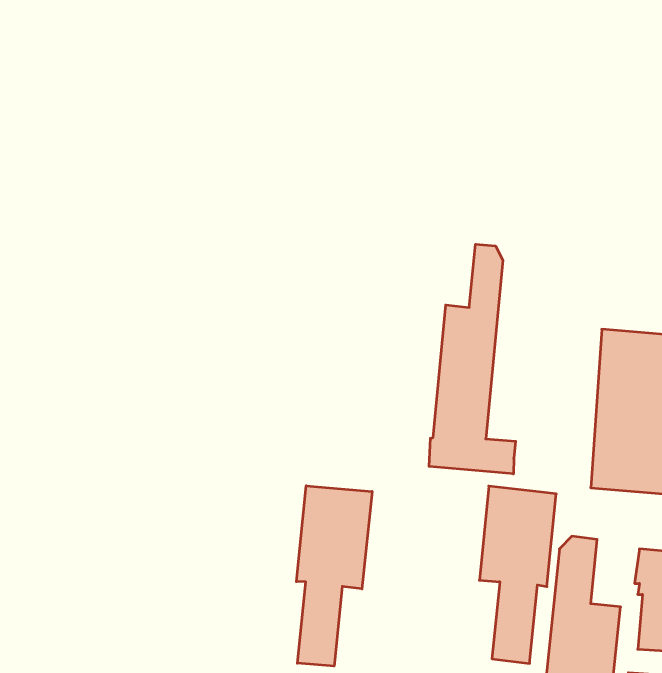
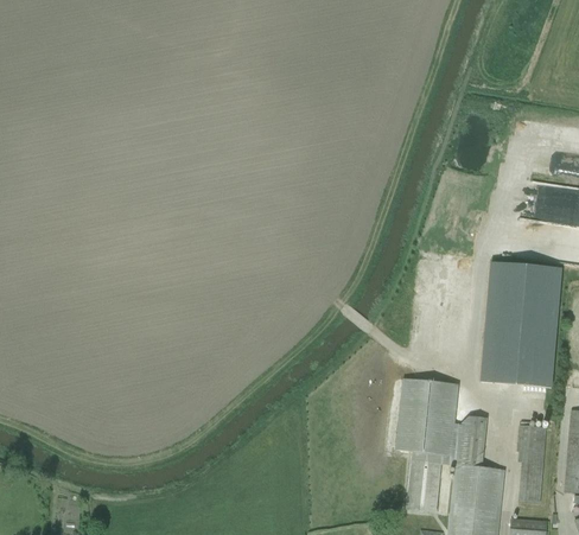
building: [429,244,516,474] -> none
building: [296,486,372,666] -> none

